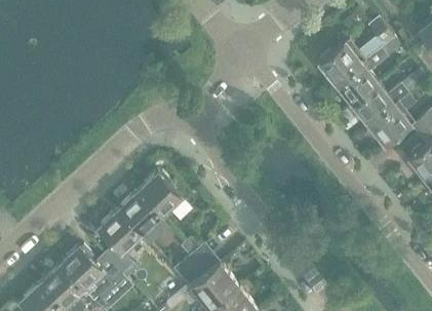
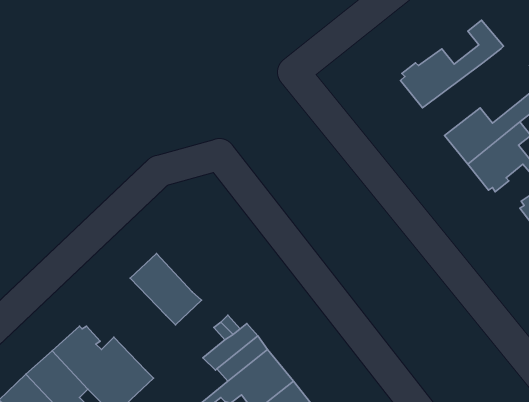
building: [335,40,399,105] -> none
building: [135,174,191,224] -> none
building: [96,211,143,280] -> none

